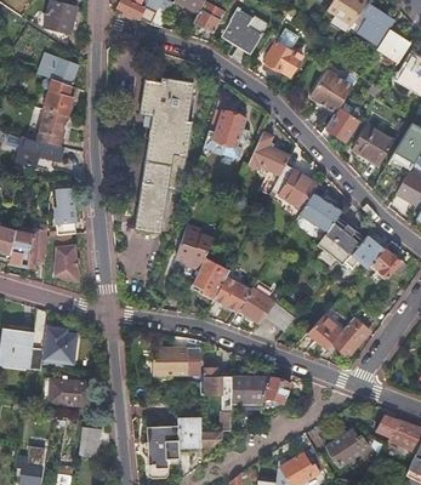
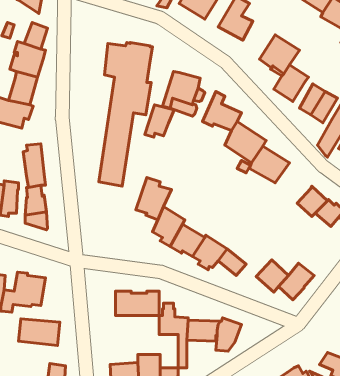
building: none -> [145,105,174,137]
building: [317,213,365,264] -> none

